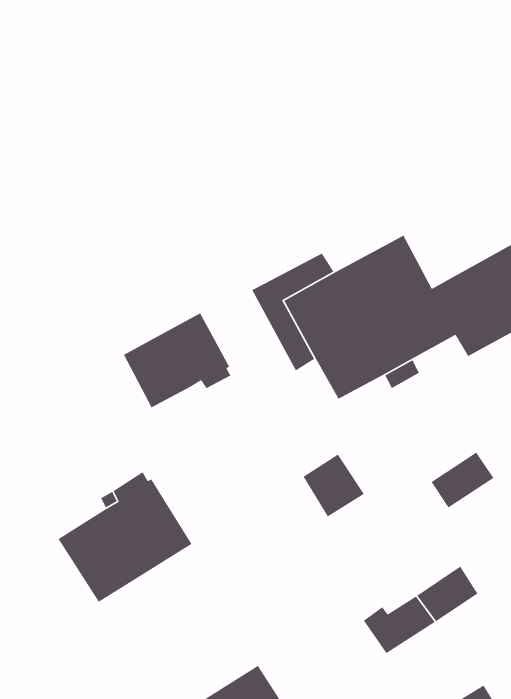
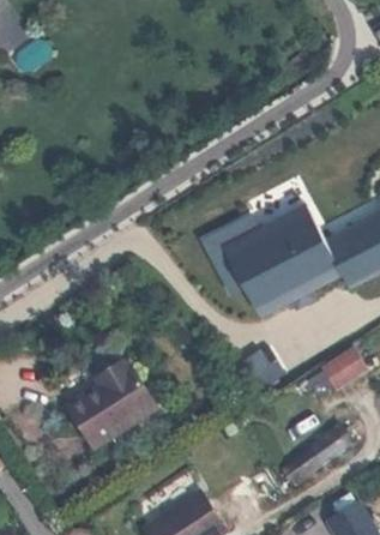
building: [123,312,232,408] -> none

